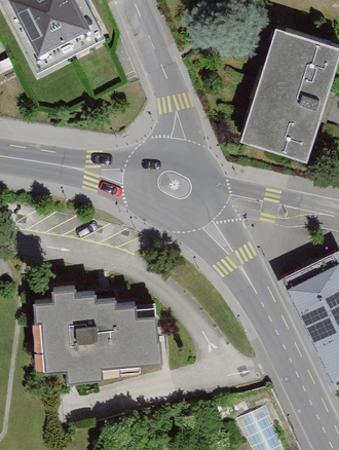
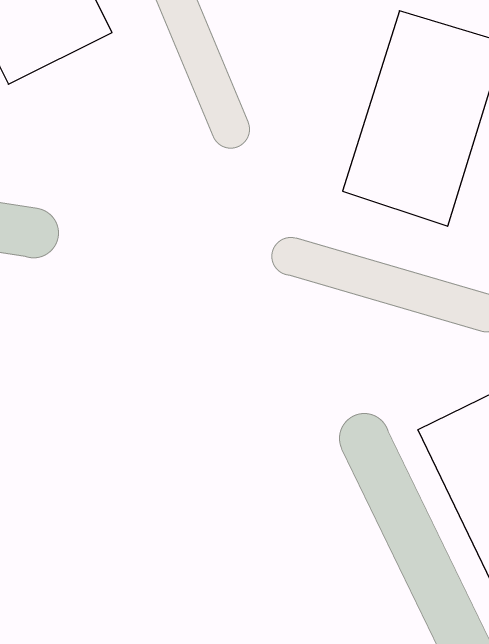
building: [42,294,166,384] -> none

